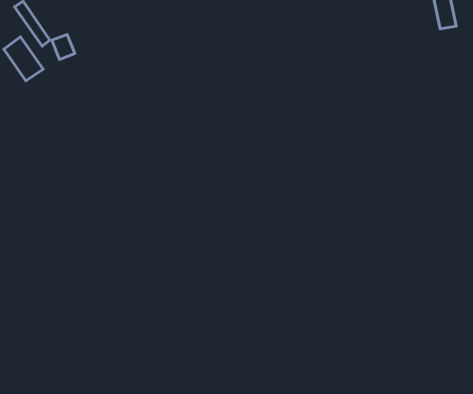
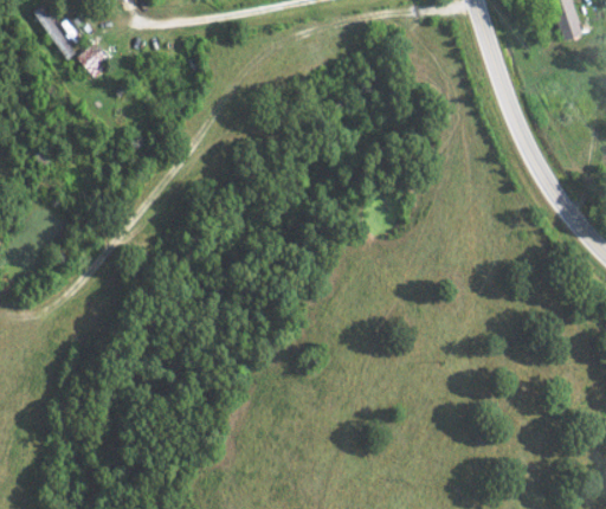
building: [4,37,43,81] -> none

